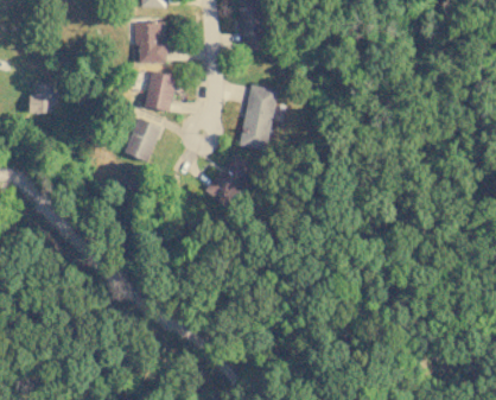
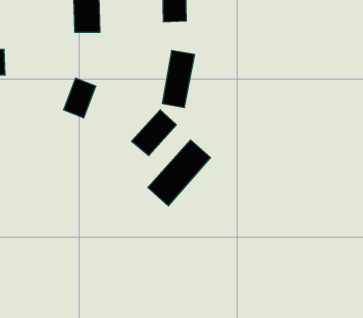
building: [145,72,173,110] -> none
building: none -> [148,140,210,206]

